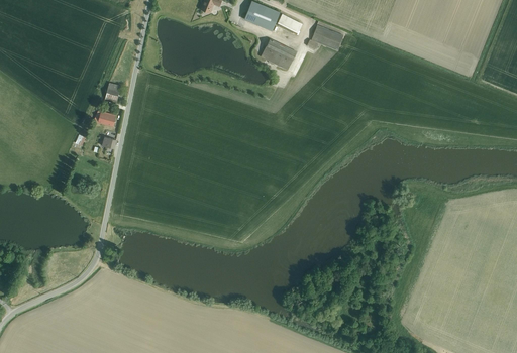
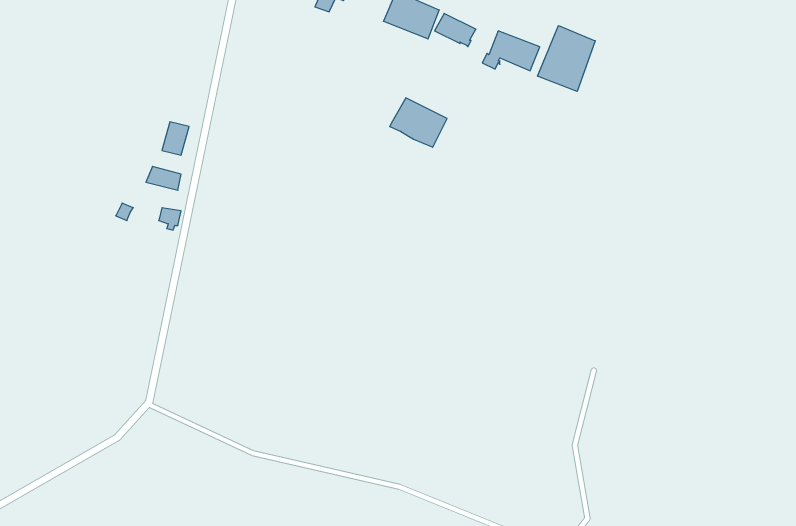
building: none -> [538,26,595,91]
building: [261,38,297,70] -> [390,98,447,147]

